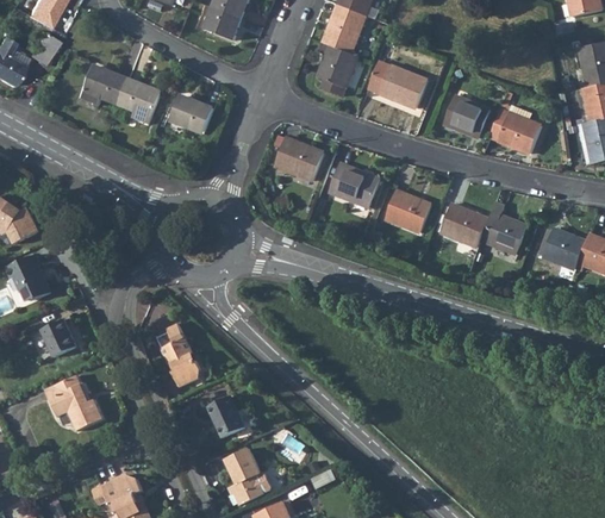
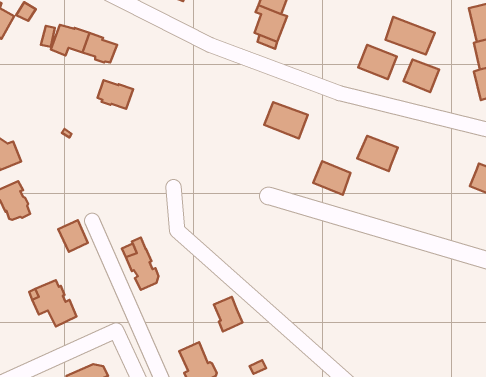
building: [368,57,428,102] -> [385,17,435,55]
building: [169,100,212,135] -> [98,80,133,109]
building: [274,137,324,179] -> none
building: [387,187,432,227] -> [313,161,351,195]
building: [481,196,528,251] -> none
building: [541,227,585,269] -> none
building: [39,319,75,357] -> [58,220,88,252]
building: [211,397,245,438] -> [214,297,243,331]

